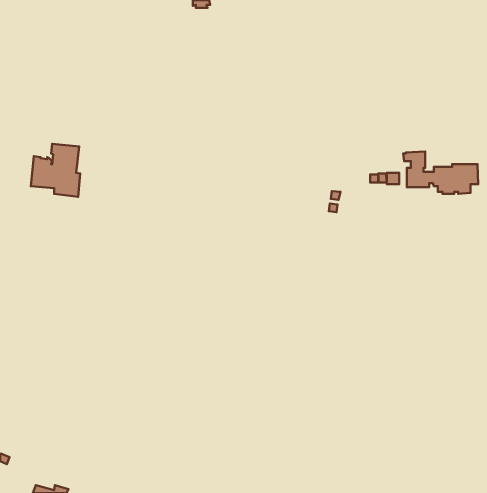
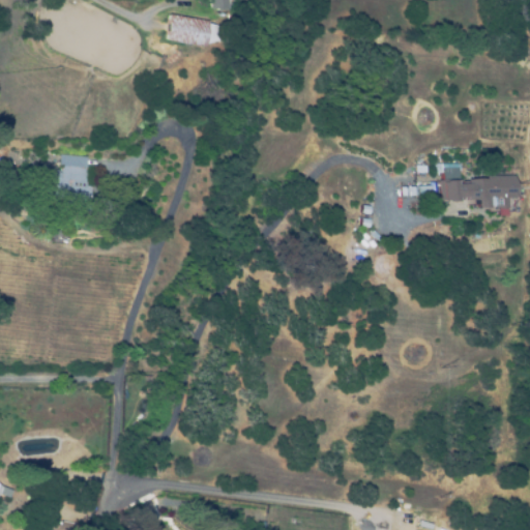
building: none -> [168,13,224,47]

